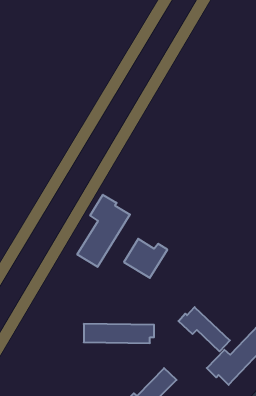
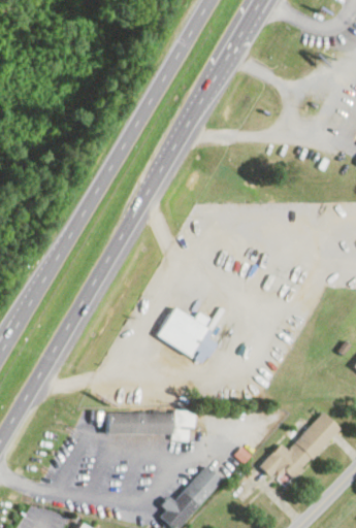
building: [77,195,130,267] -> none
building: [178,307,230,351] -> none

